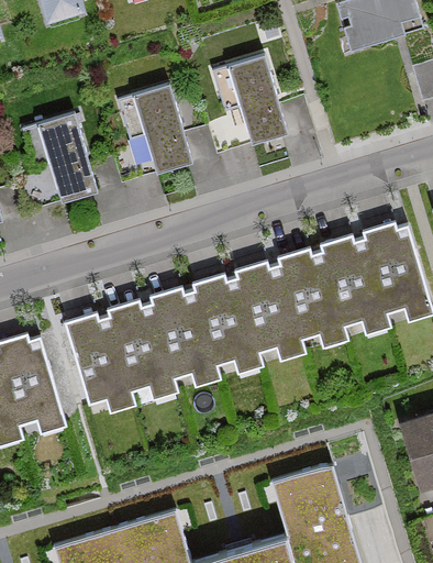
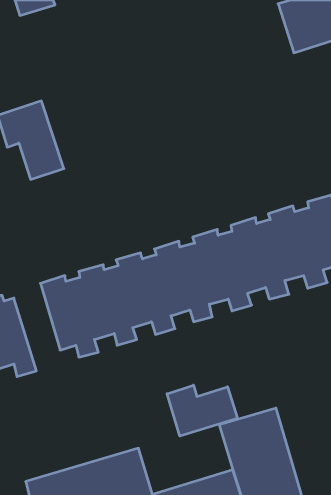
building: [213,62,288,150] -> none
building: [118,91,192,178] -> none
building: none -> [167,385,237,436]

